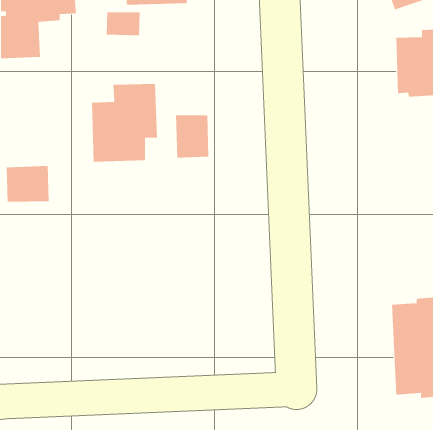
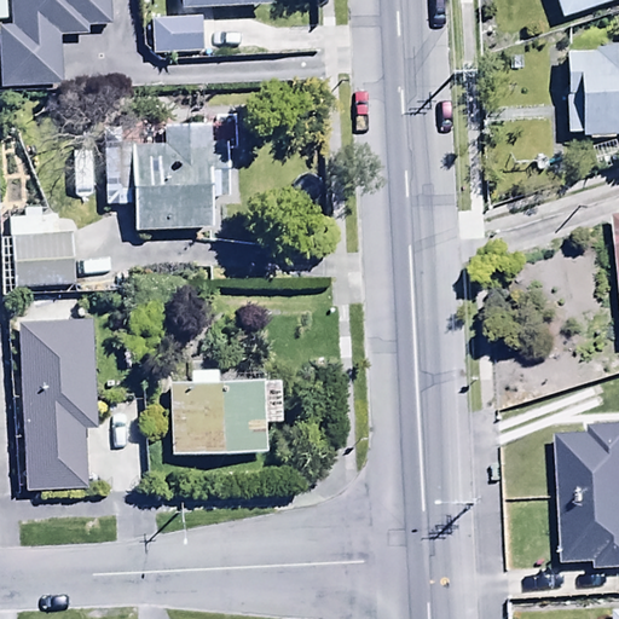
building: [176,115,209,158] -> none
building: none -> [19,318,98,488]
building: none -> [170,370,280,455]

